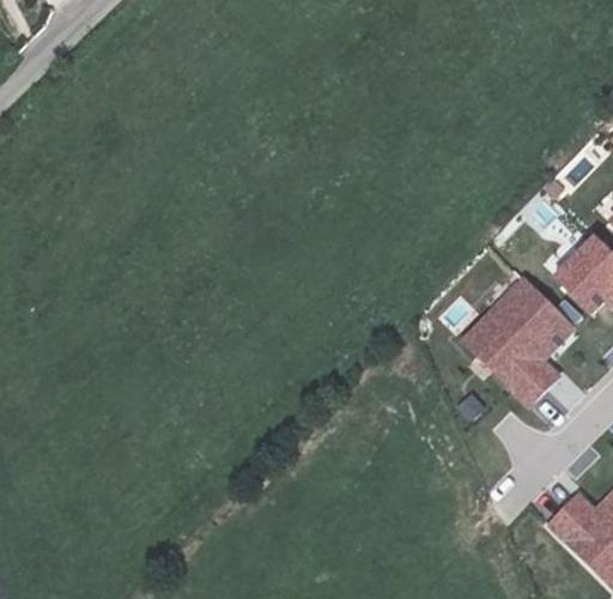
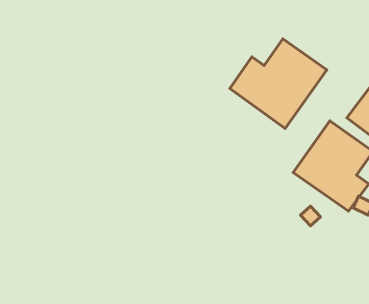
building: none -> [230,39,327,128]

